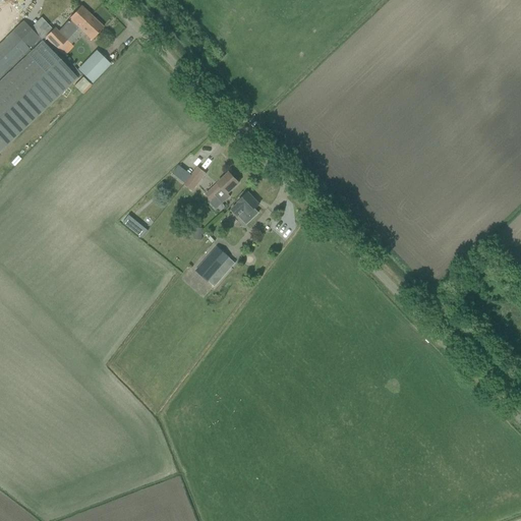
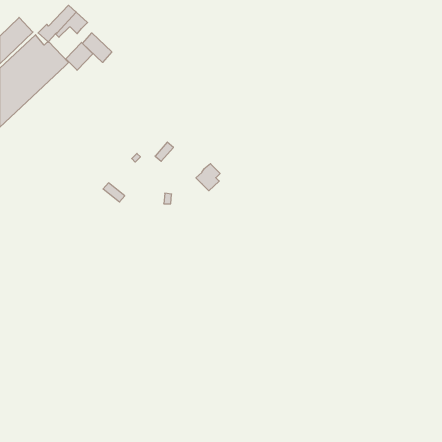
building: none -> [83,33,112,62]
building: [205,172,238,204] -> none
building: [194,245,234,285] -> none

